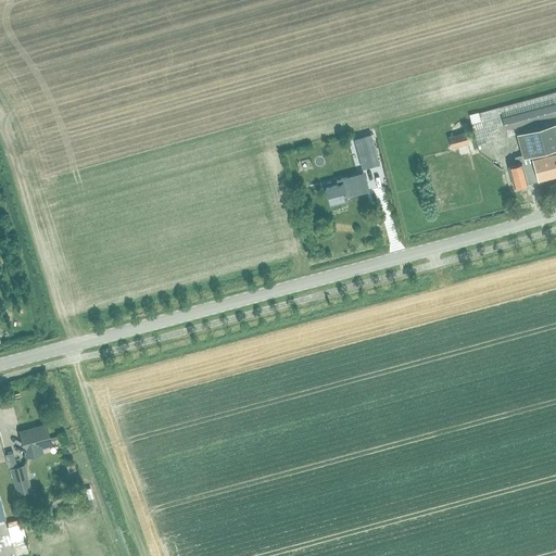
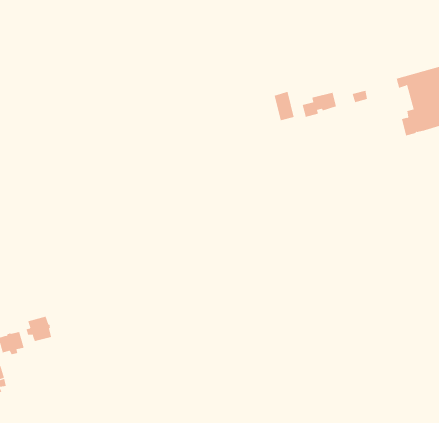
building: [326,174,368,204] -> [302,92,337,117]
building: none -> [26,316,52,342]

